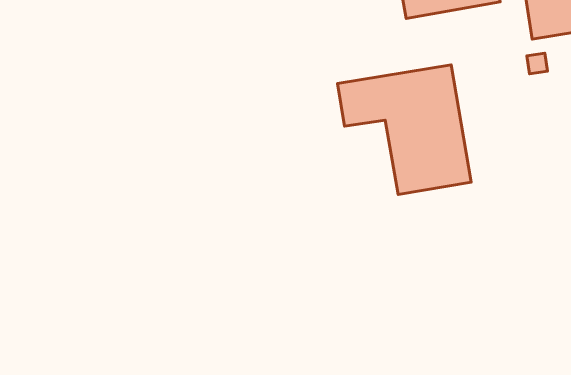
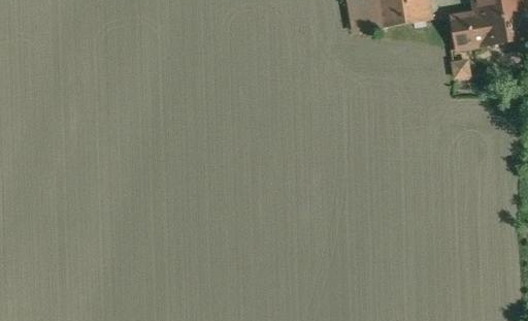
building: [338,65,471,194] -> none

